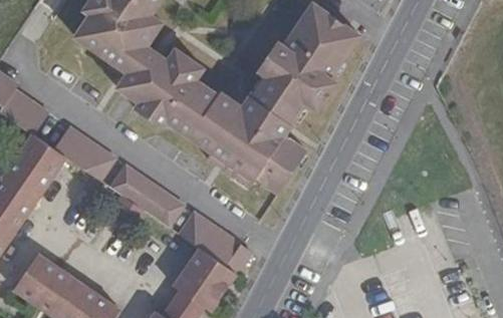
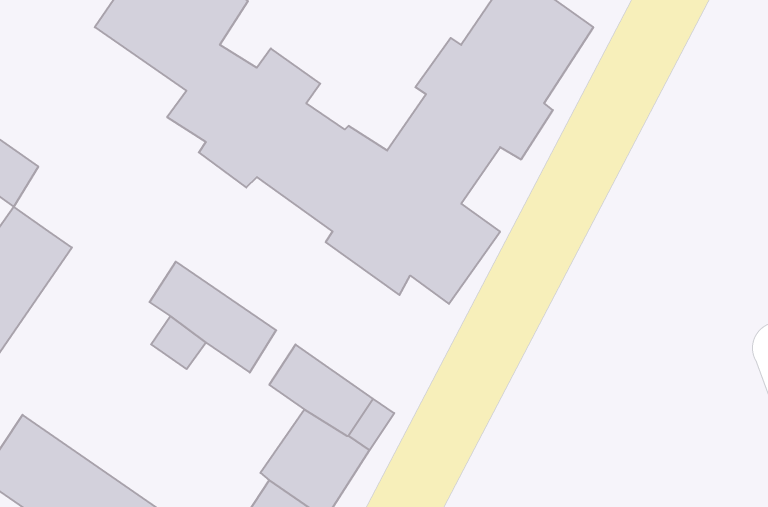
building: [51,126,113,181] -> none

